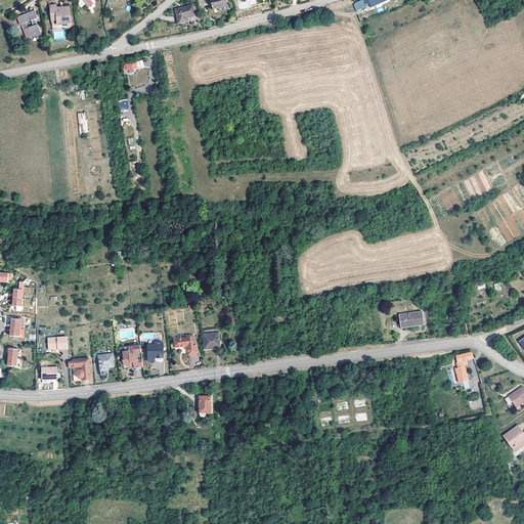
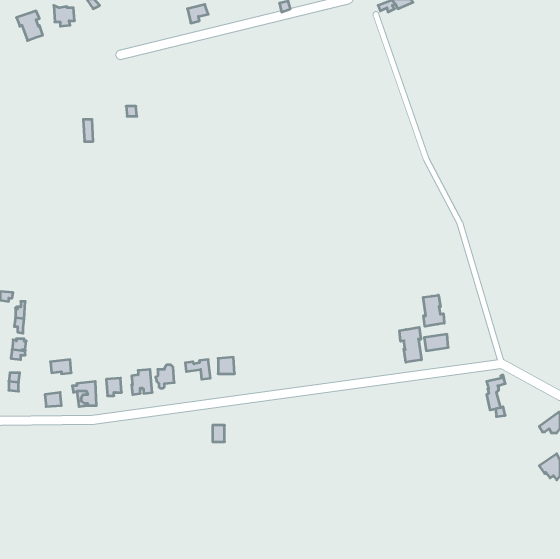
building: none -> [423,295,444,326]
building: none -> [400,327,421,362]

